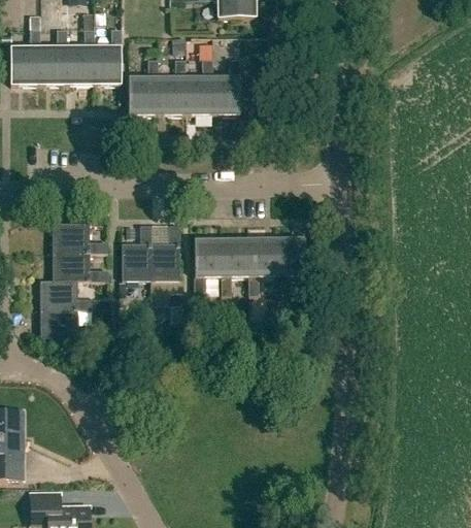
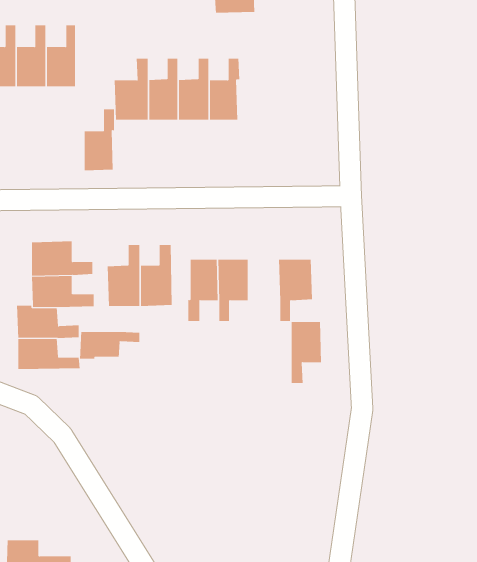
building: [94,28,122,84] -> [84,109,115,171]
building: [248,238,276,294] -> [291,321,322,383]
building: none -> [80,331,140,359]

